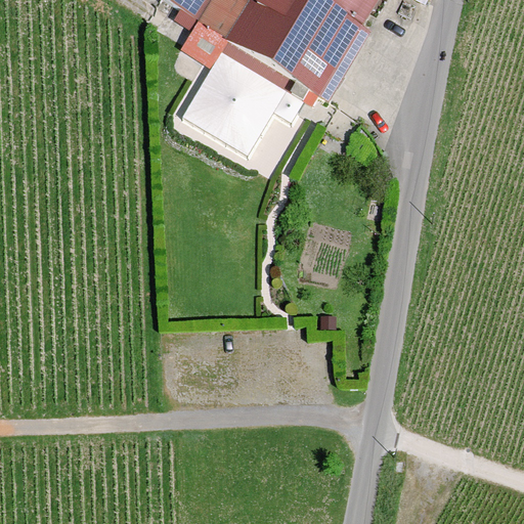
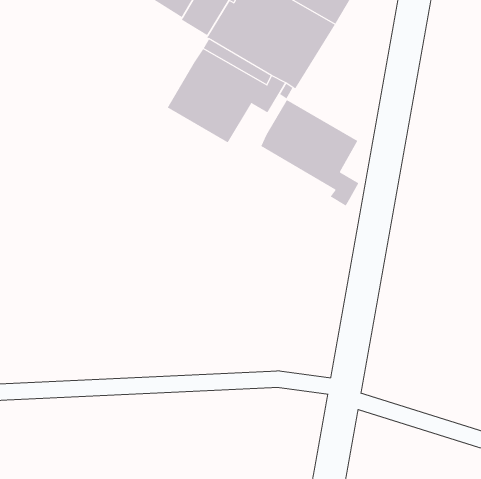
building: [180,21,226,68] -> none
building: none -> [260,99,359,207]

